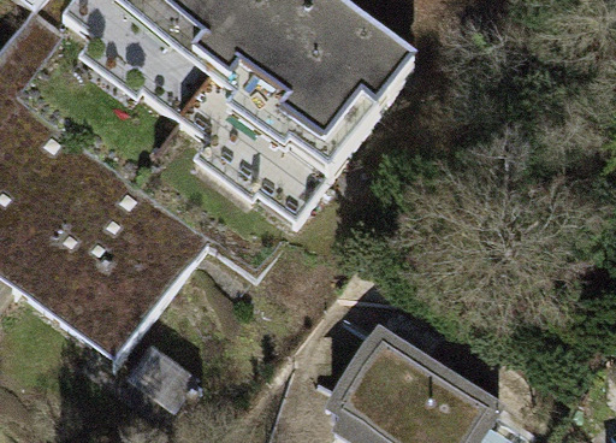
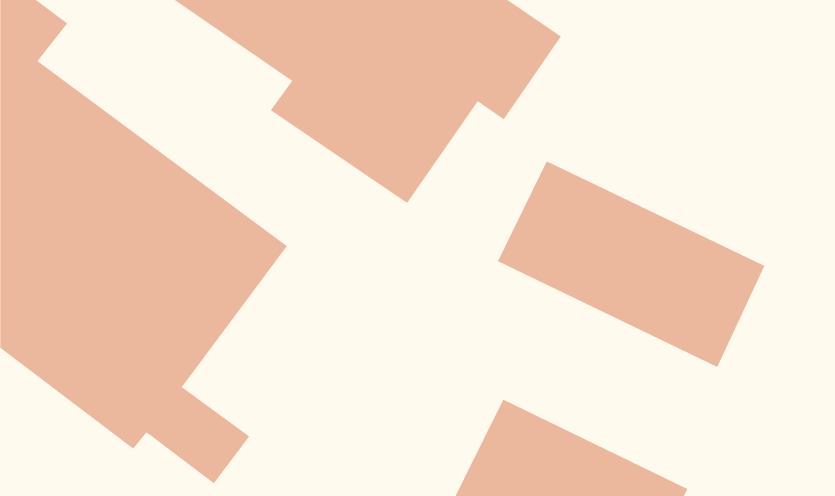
building: none -> [497,160,765,368]

